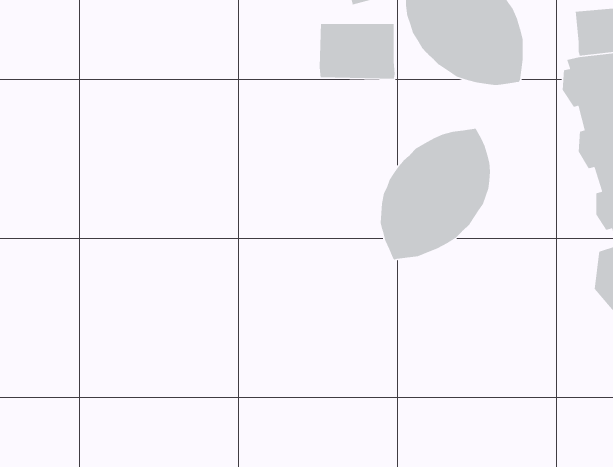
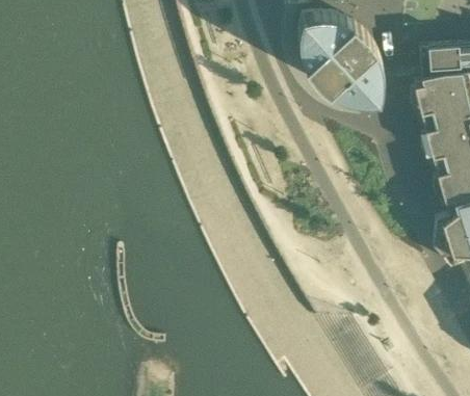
building: [319,23,396,80] -> none
building: [380,128,491,260] -> none

